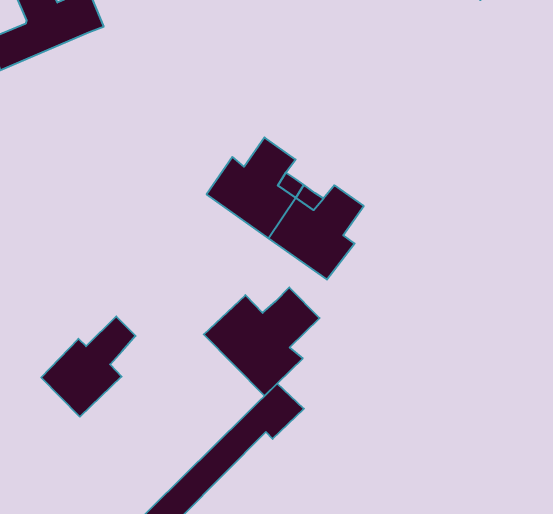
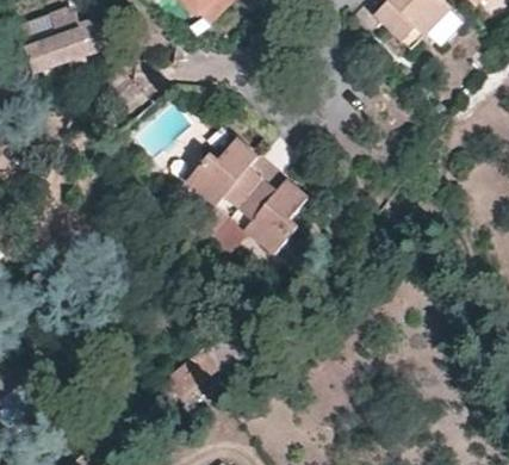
building: [204,287,320,396] -> none
building: [41,316,136,417] -> none

